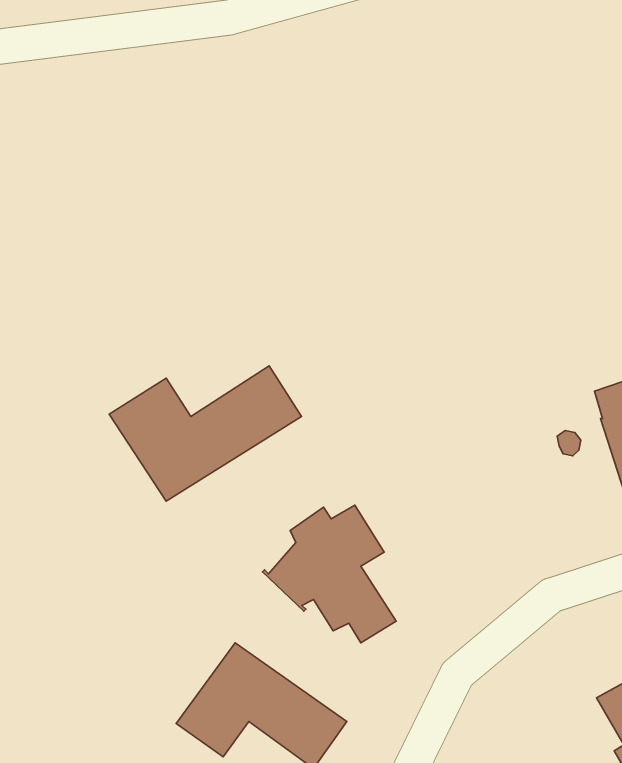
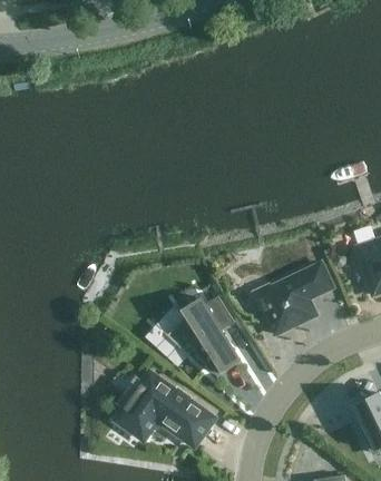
building: [109,366,301,501] -> none
building: none -> [253,264,332,334]

